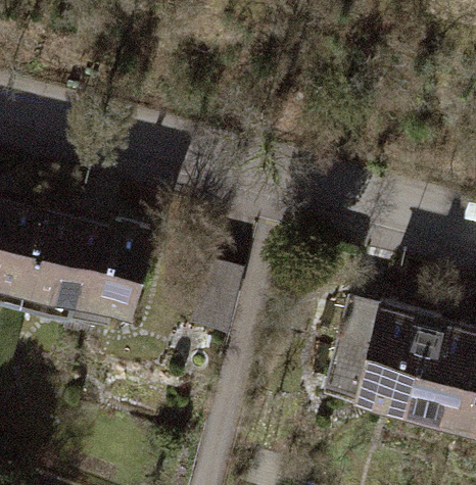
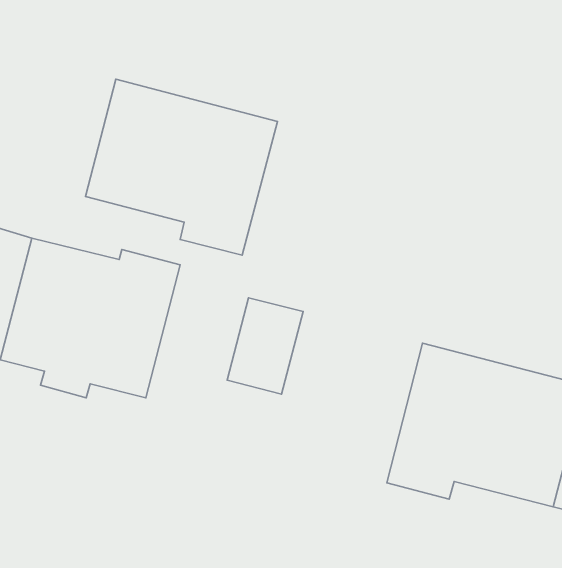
building: none -> [86,79,278,255]

